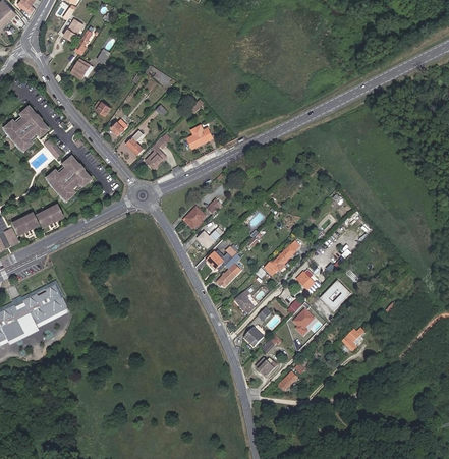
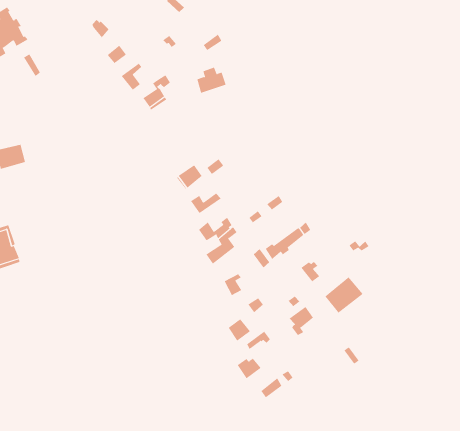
building: [45,155,92,202] -> none

